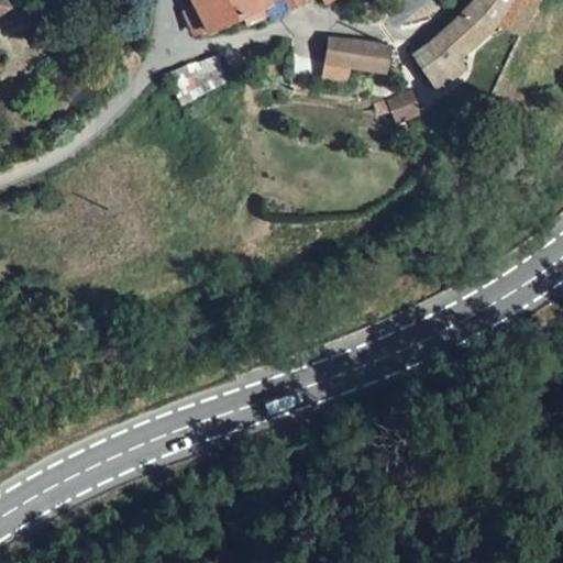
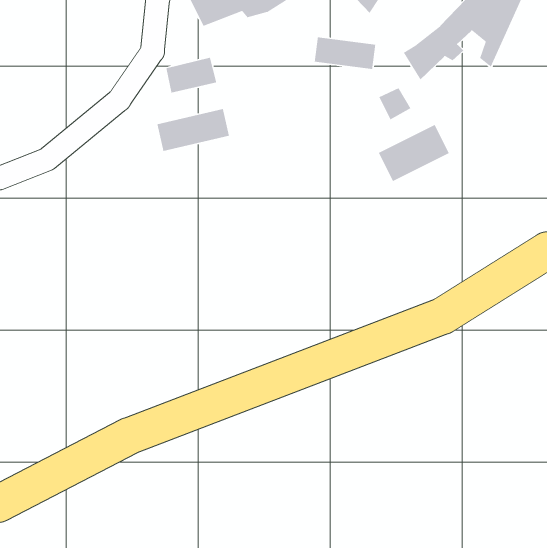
building: none -> [156,108,230,152]
building: none -> [378,124,450,182]

